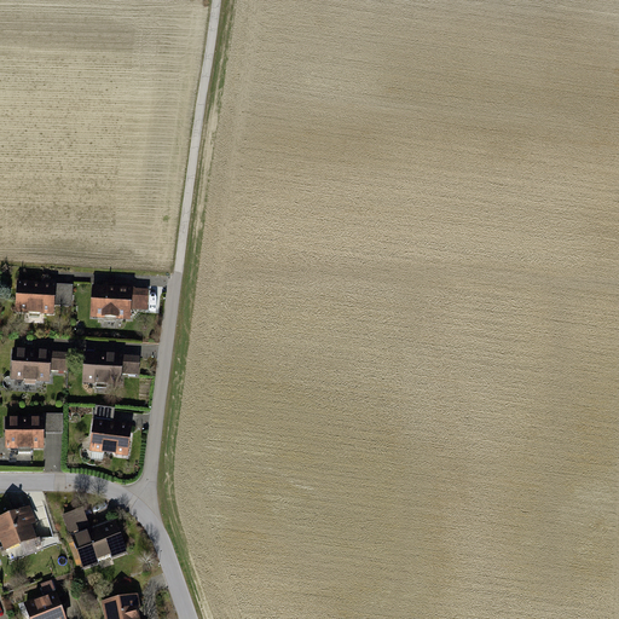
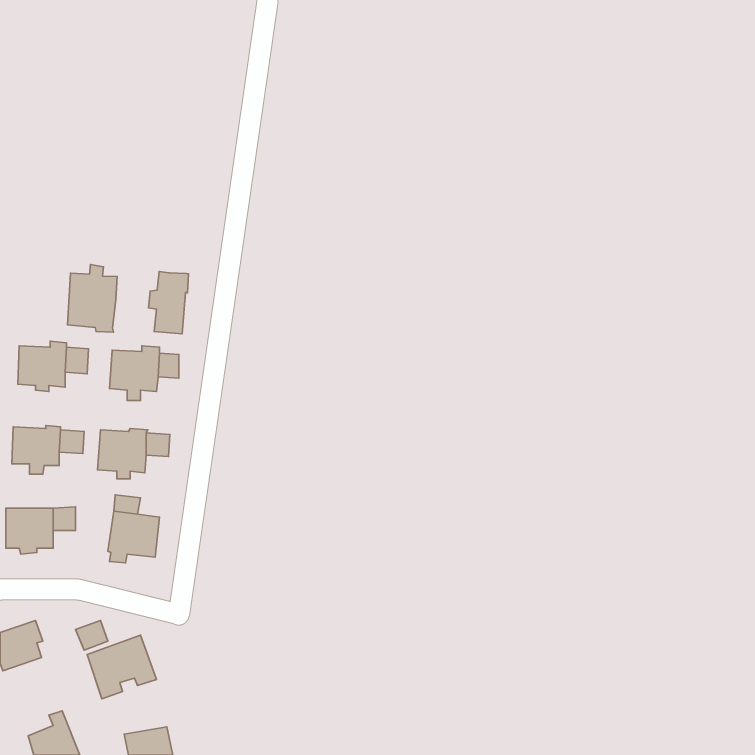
building: none -> [67,265,117,332]
building: none -> [149,271,188,334]

